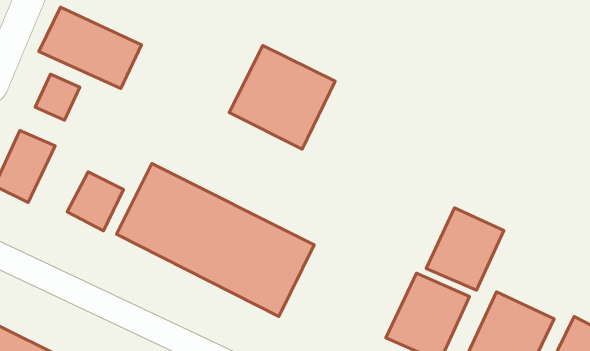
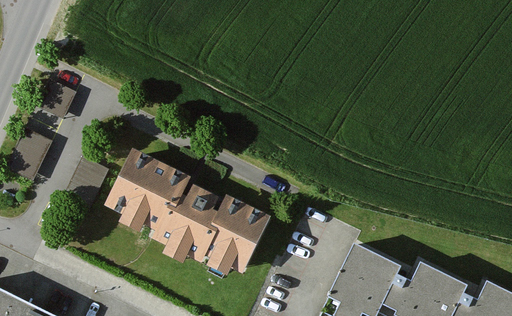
building: [39,7,142,89] -> none
building: [229,45,335,149] -> none
building: [426,208,504,290] -> none

